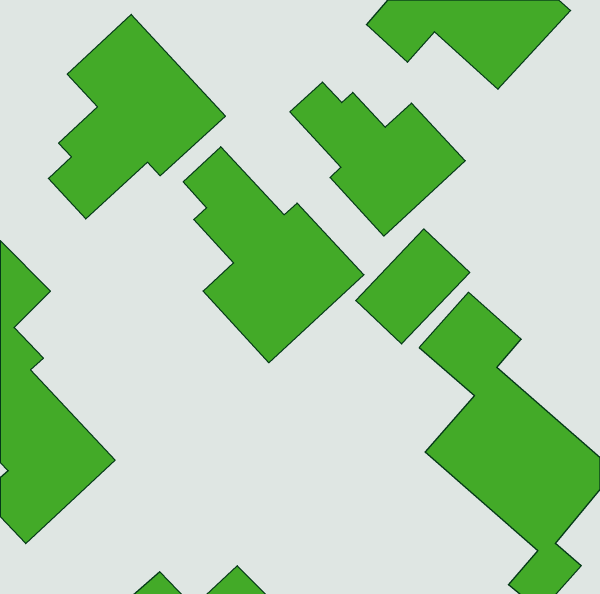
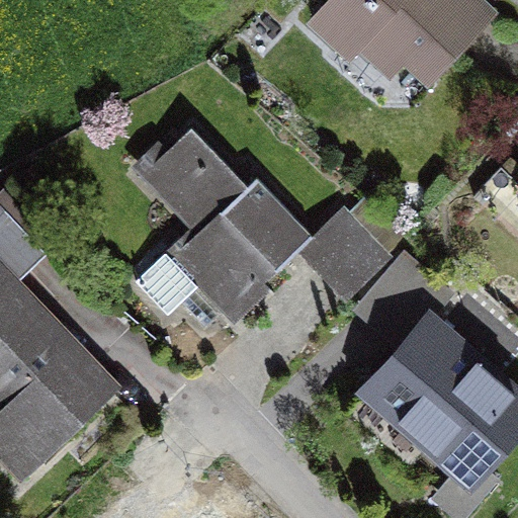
building: [48,14,225,219] -> none
building: [290,82,465,236] -> none

